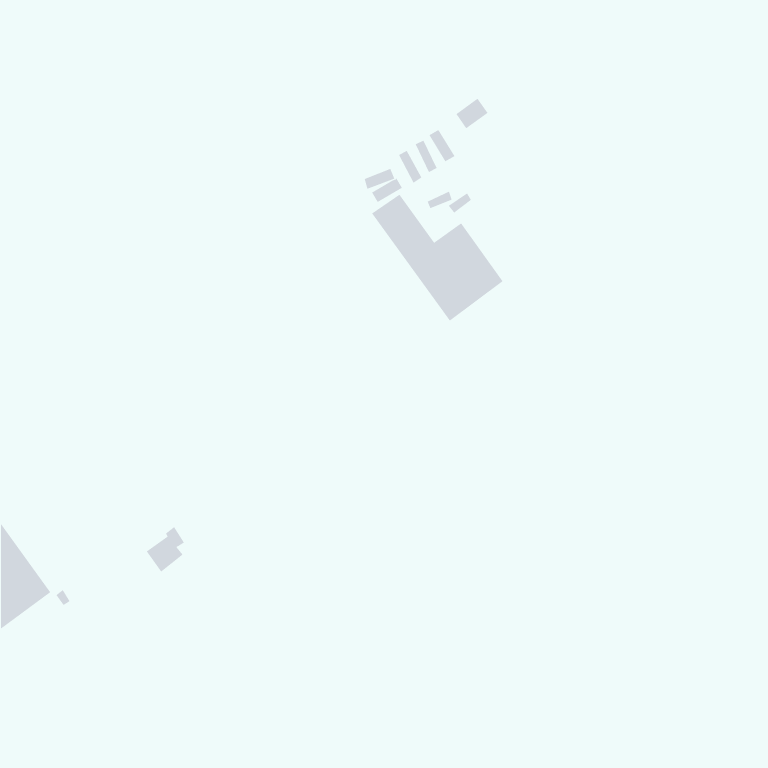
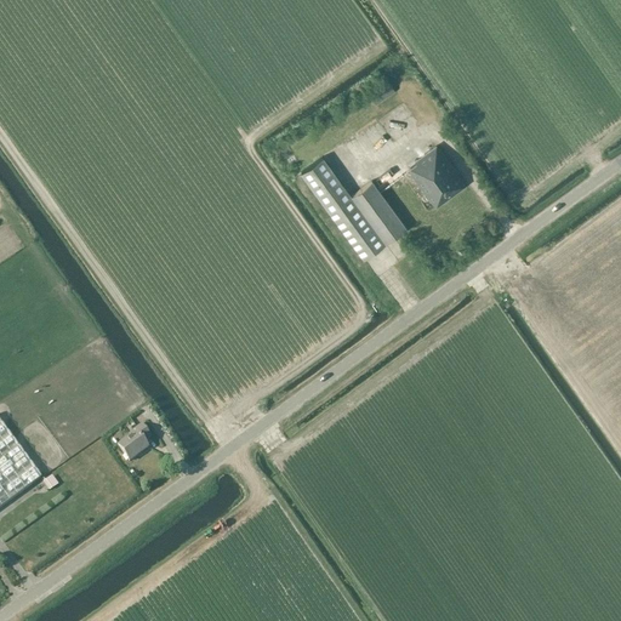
building: none -> [408,146,465,206]

